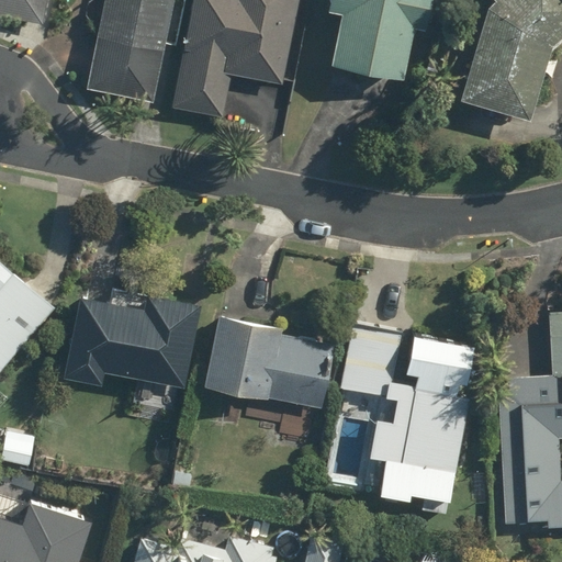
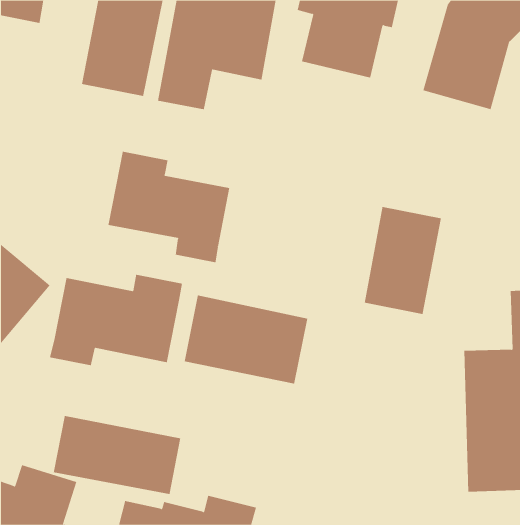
building: none -> [108,151,230,263]
building: none -> [364,206,442,315]
building: [338,322,473,515] -> none
building: none -> [53,415,181,495]

